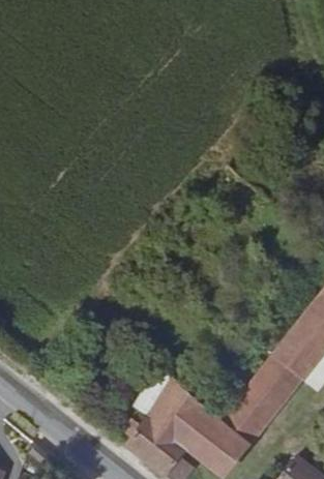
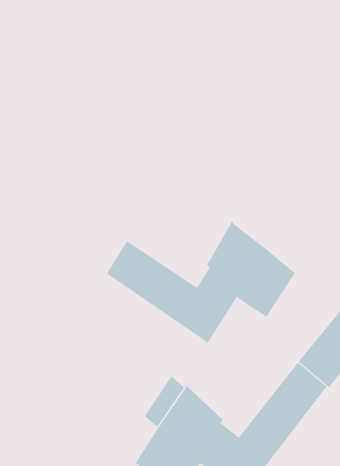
building: none -> [106,221,296,343]

